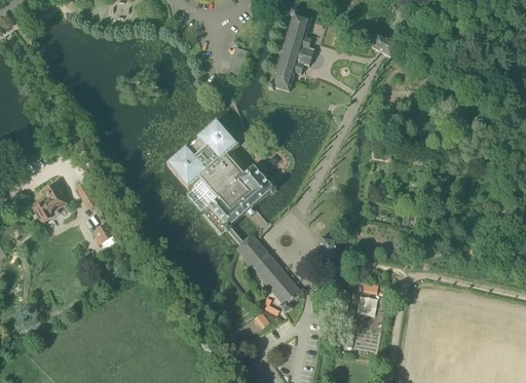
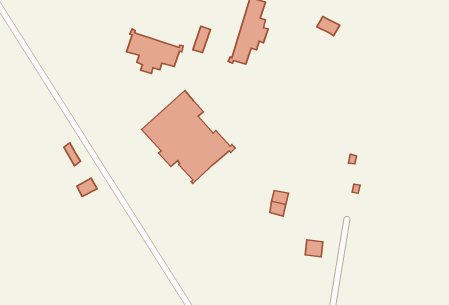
building: none -> [127,29,183,74]
building: [31,182,65,222] -> none
building: [236,233,300,310] -> none

